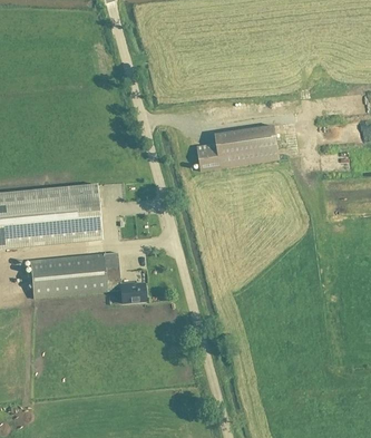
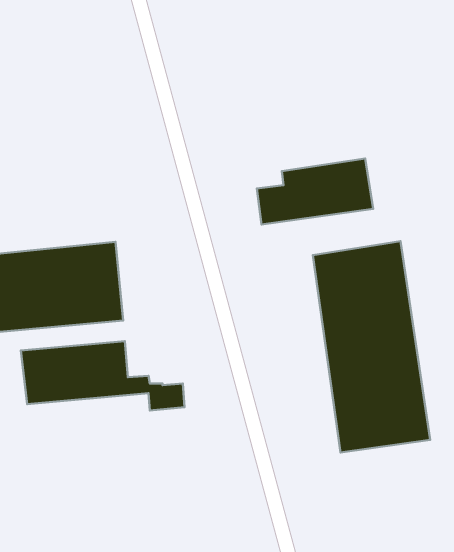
building: none -> [313,241,430,452]

